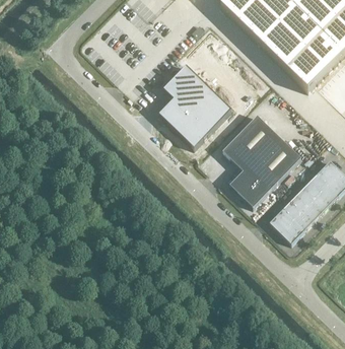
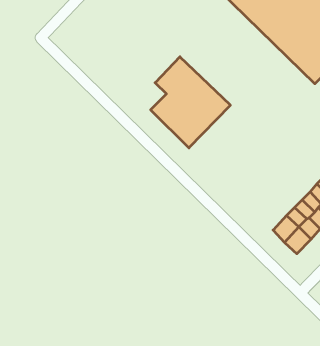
building: [223,114,301,205] -> none

